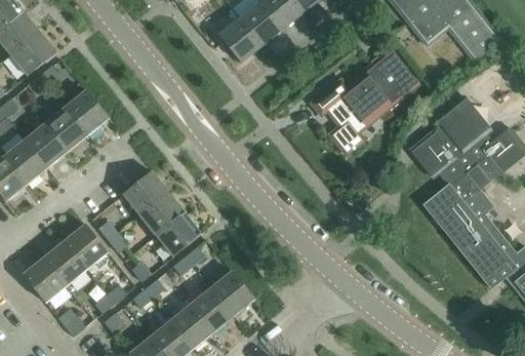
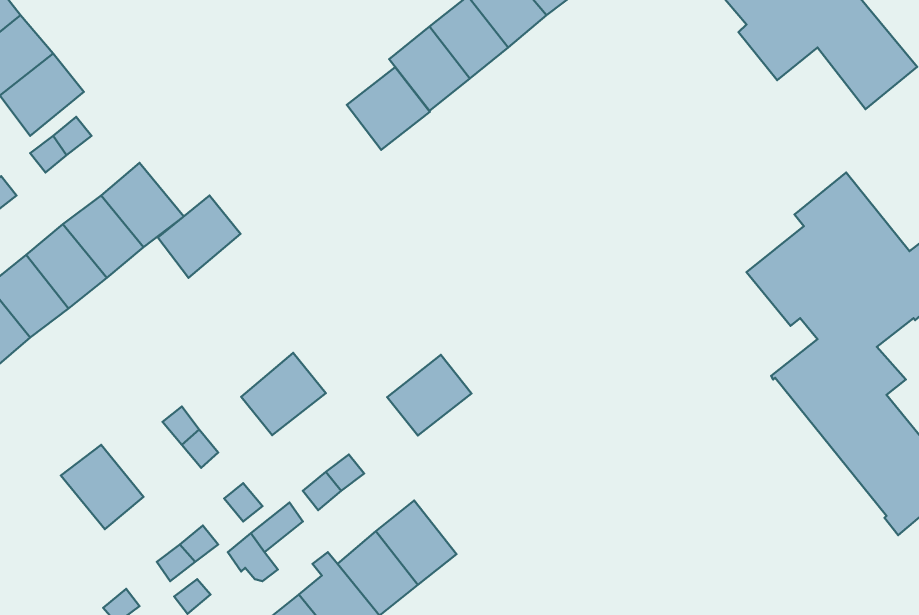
building: none -> [347,67,430,150]
building: [311,48,417,154] -> none
building: [123,171,167,215] -> [158,195,240,278]
building: [156,213,201,256] -> [387,355,472,436]
building: [65,225,108,269] -> none
building: [23,258,67,303] -> none

